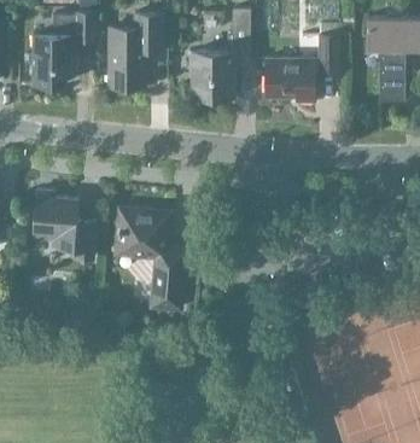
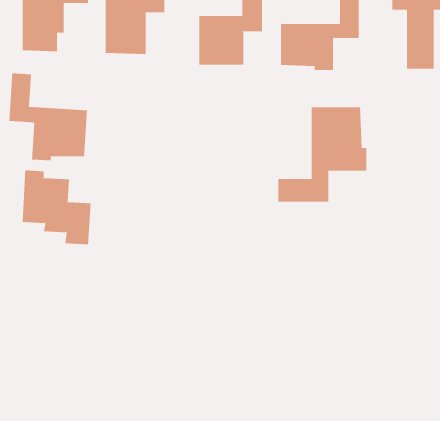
building: none -> [9,73,88,161]
building: none -> [278,107,367,202]
building: [116,210,199,309] -> none

